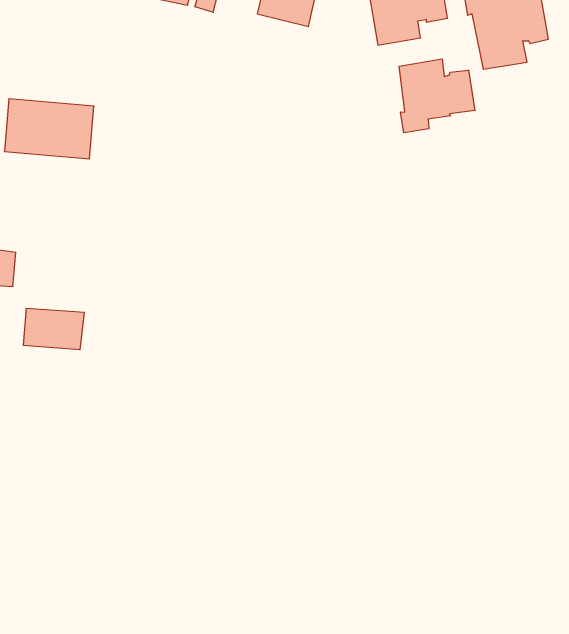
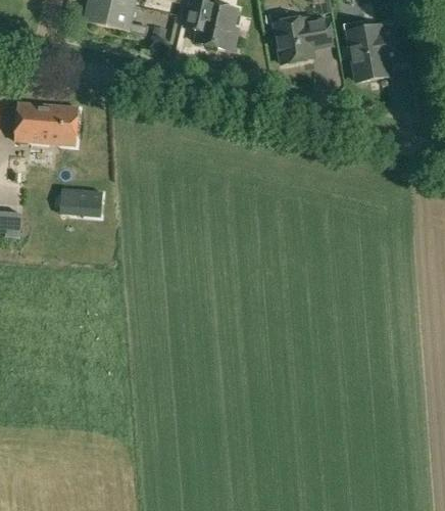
building: [399,59,475,133] -> none
building: [23,308,84,350] -> [57,187,101,217]

